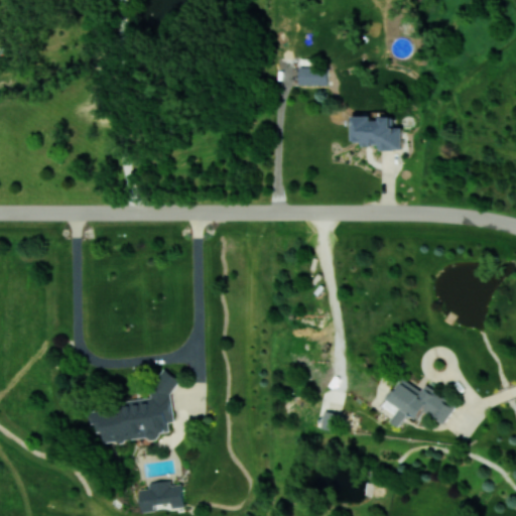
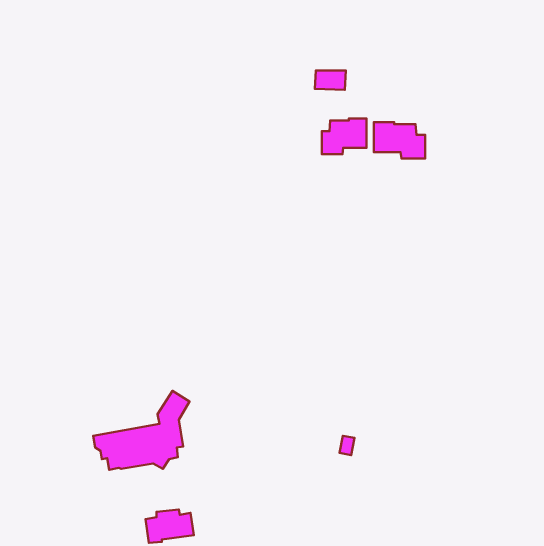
building: none -> [322,118,366,154]
building: [382,378,454,427] -> none

